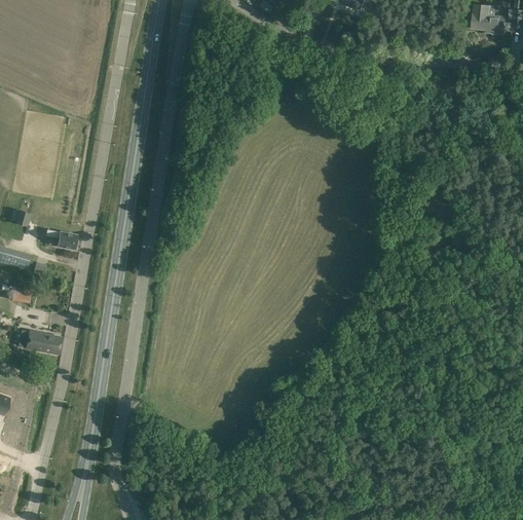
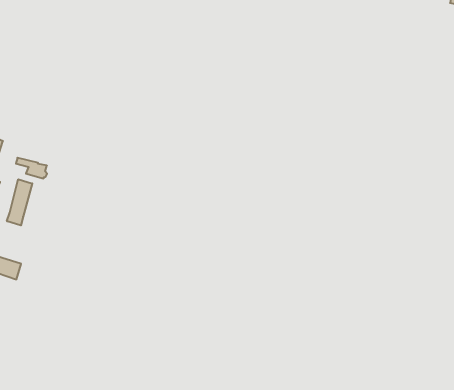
building: none -> [7,179,32,225]

